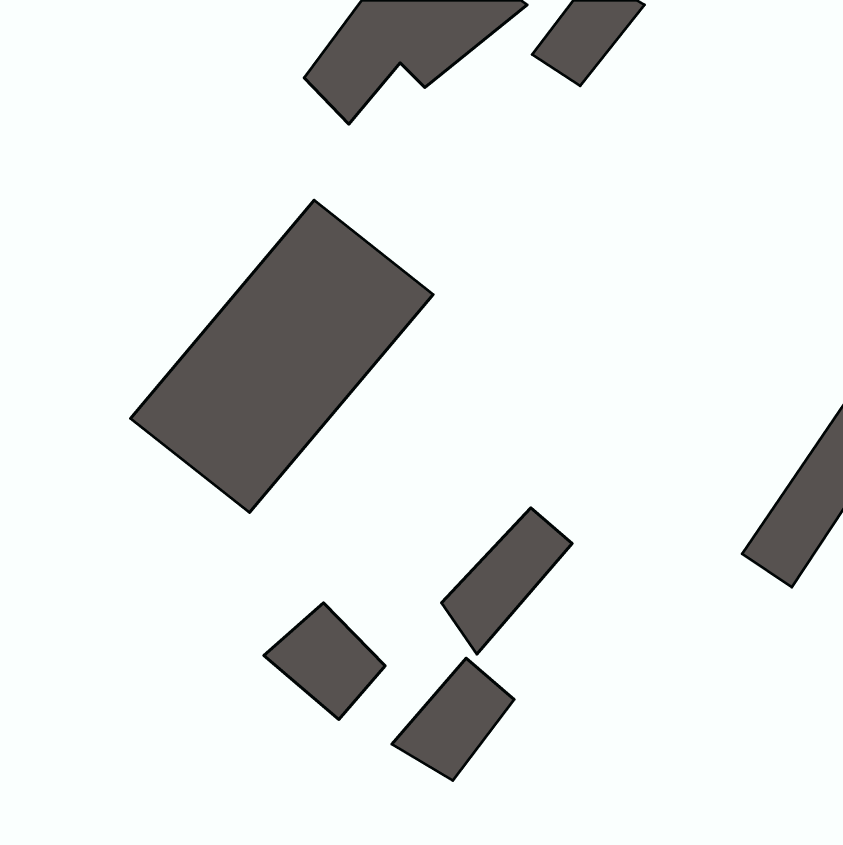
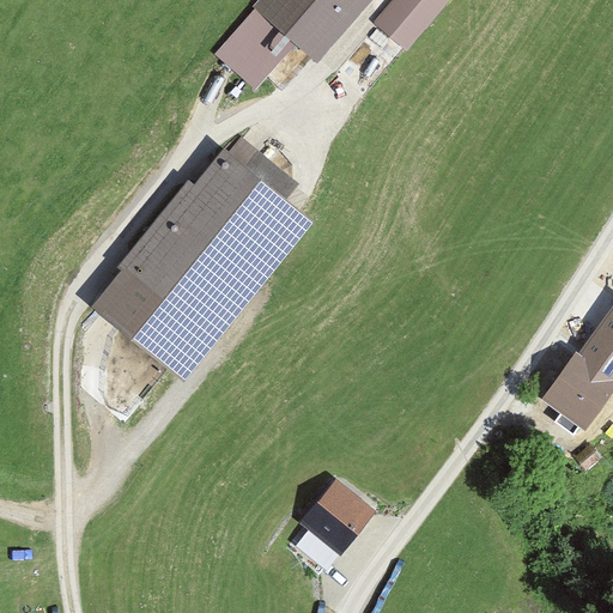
building: [442,508,572,654] -> none
building: [264,603,385,720] -> none

